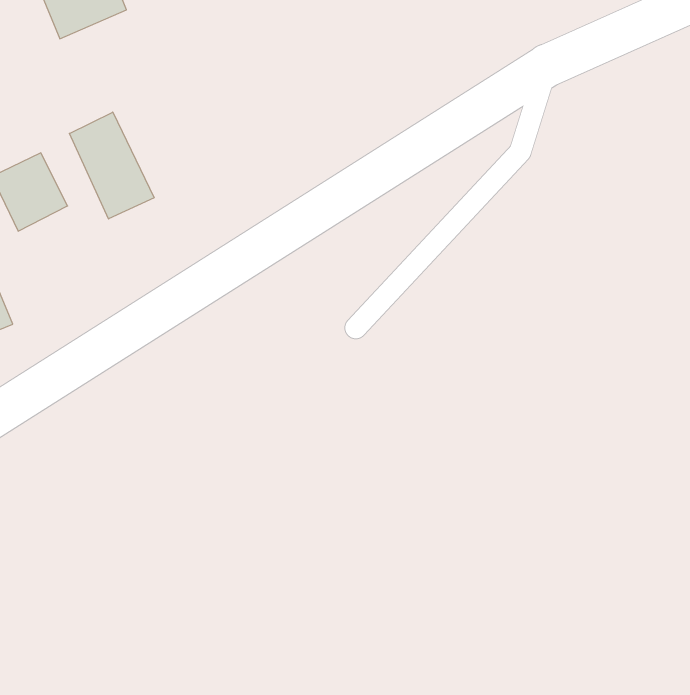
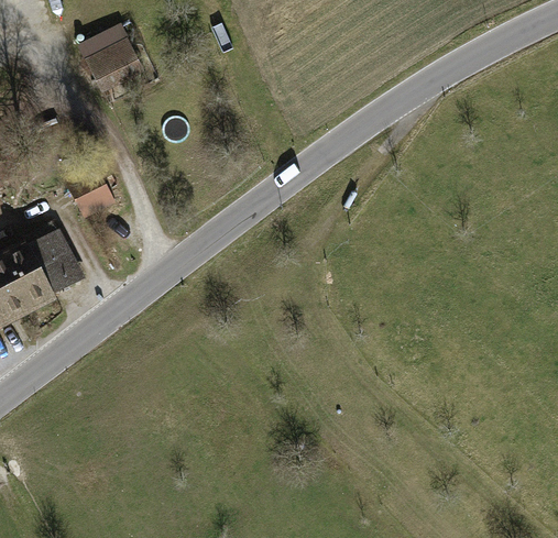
building: [69,112,154,219] -> none

